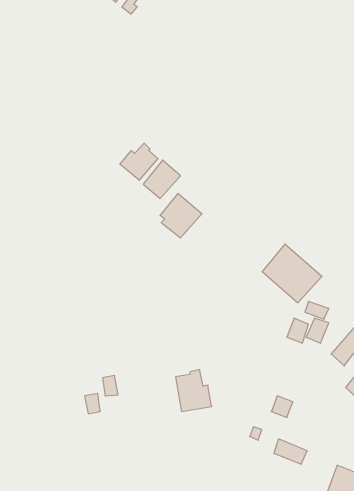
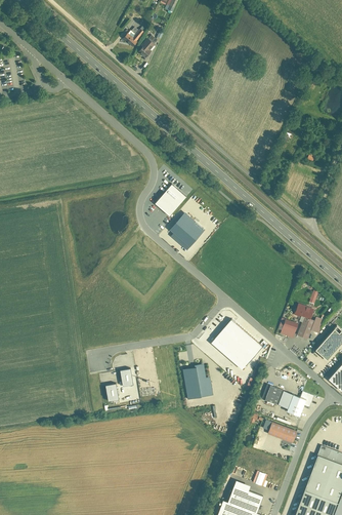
building: [120,143,158,180] -> none
building: [262,244,322,303] -> [211,319,262,369]
building: none -> [279,391,307,417]

